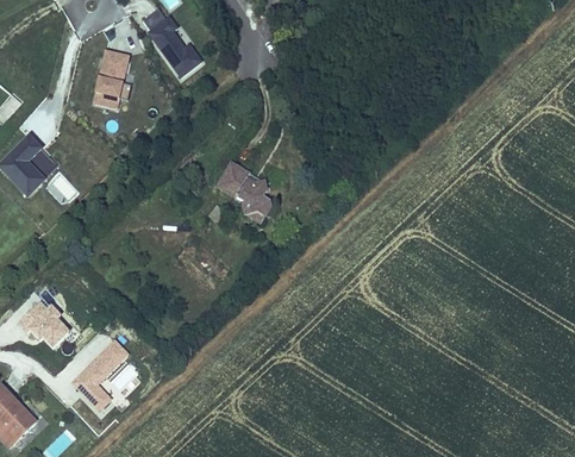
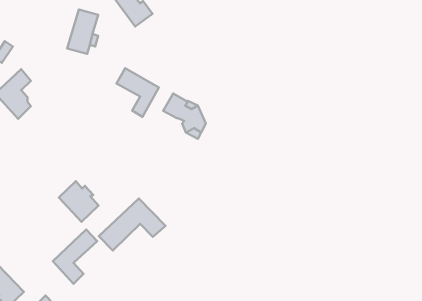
building: none -> [117,68,159,117]
building: none -> [99,198,165,250]
building: [18,301,70,355] -> [59,181,99,222]

